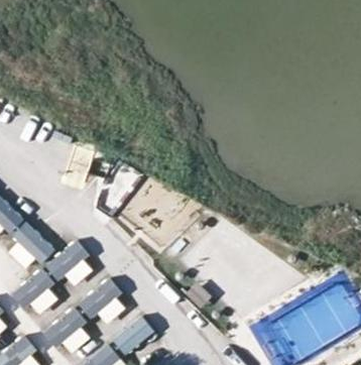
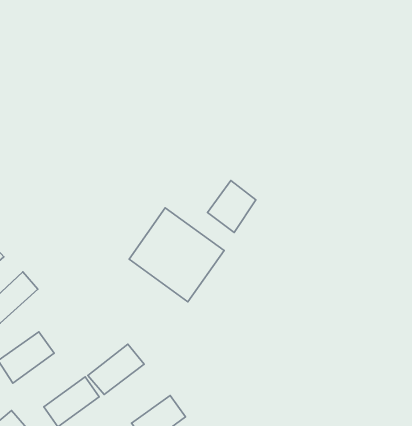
building: none -> [208,181,256,232]
building: [44,242,88,281] -> none

